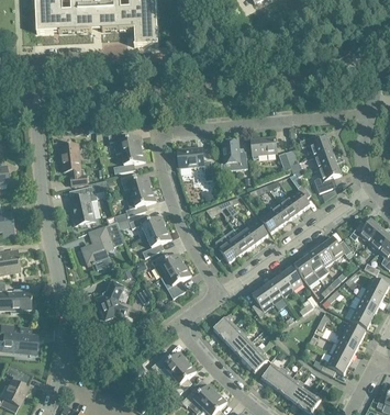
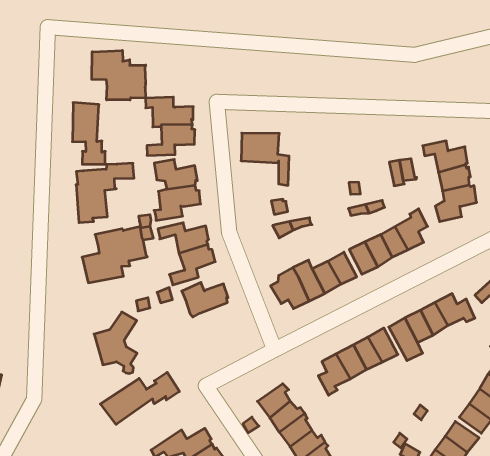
building: none -> [92,50,146,100]
building: [249,136,276,158] -> none
building: [221,139,246,170] -> none
building: [160,265,190,299] -> none
building: none -> [100,372,179,424]

